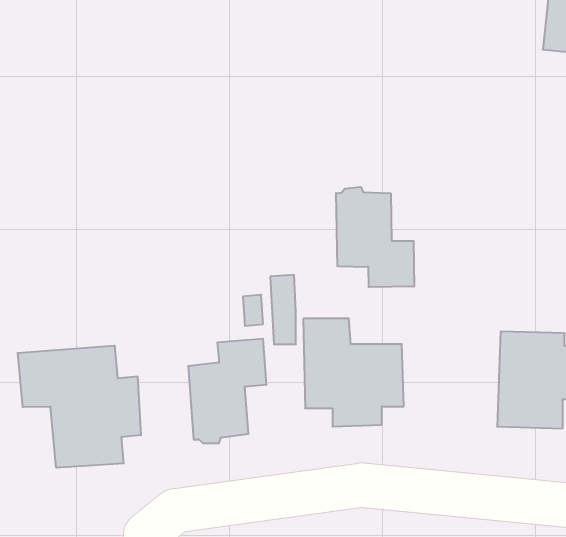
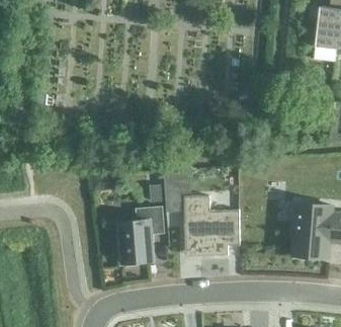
building: [336,187,414,287] -> none
building: [18,346,141,468] -> none

